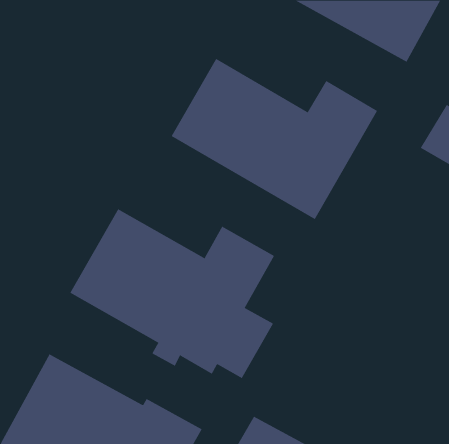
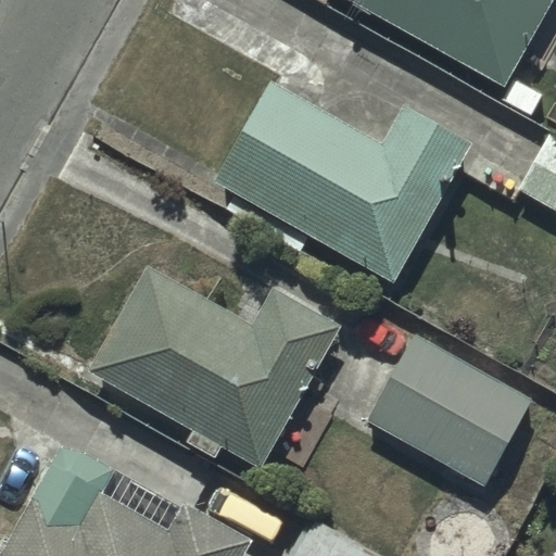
building: none -> [368,337,532,488]

